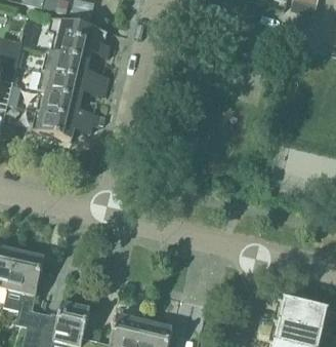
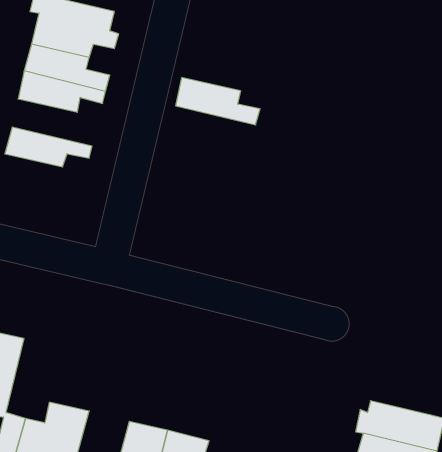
building: [36,91,94,124] -> [176,78,260,125]

